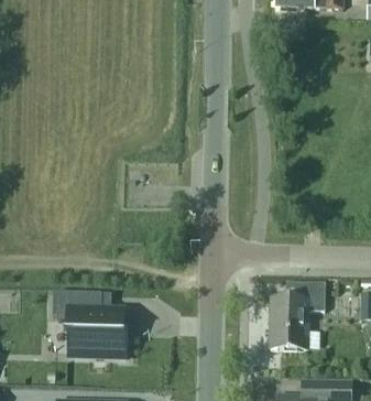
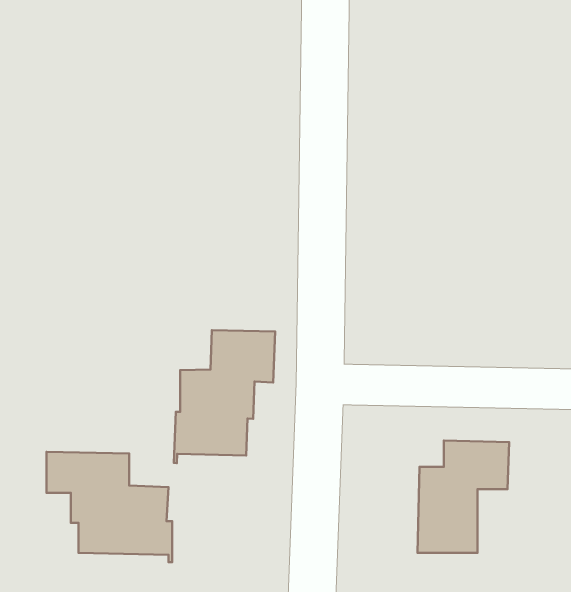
building: none -> [174,330,275,463]

